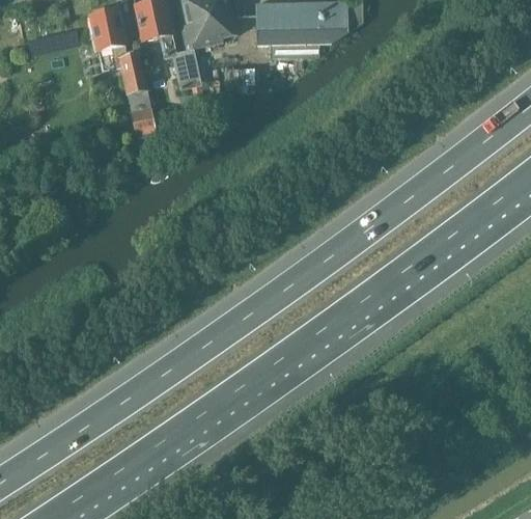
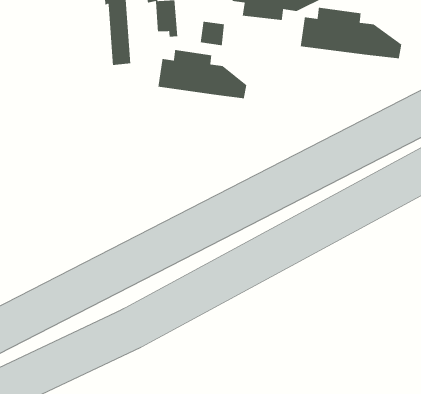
building: none -> [300,7,402,59]
building: none -> [158,49,247,99]

